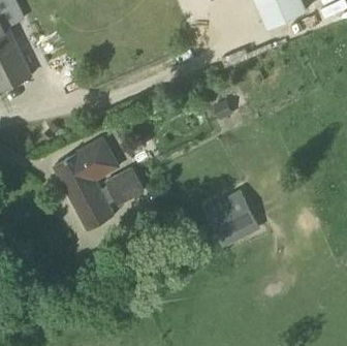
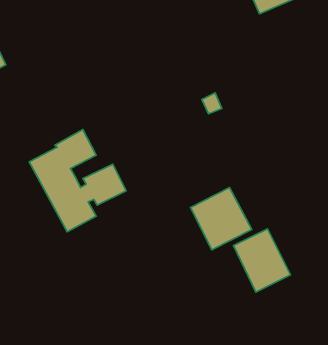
building: none -> [233,229,291,292]

